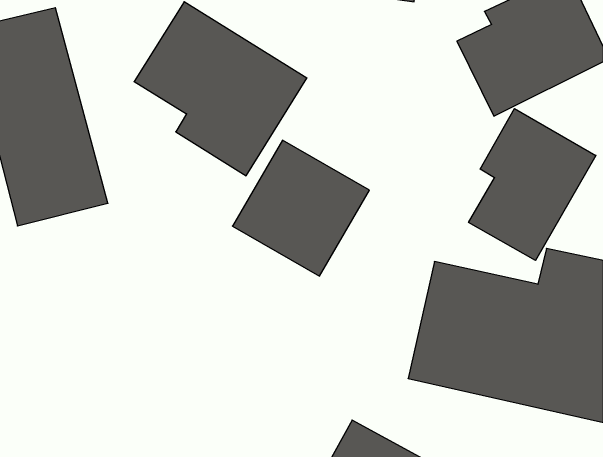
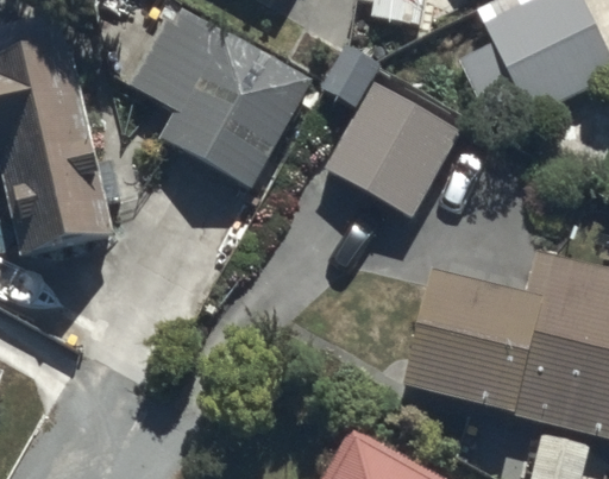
building: [469,109,596,260] -> none
building: [232,140,369,276] -> [321,67,458,202]

